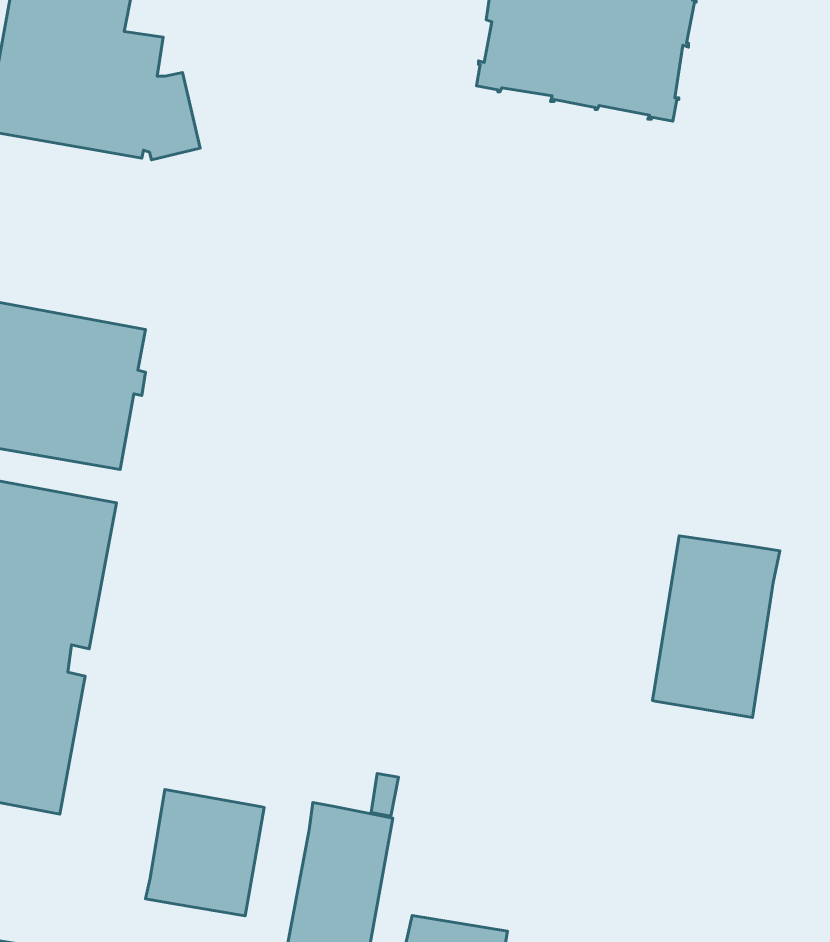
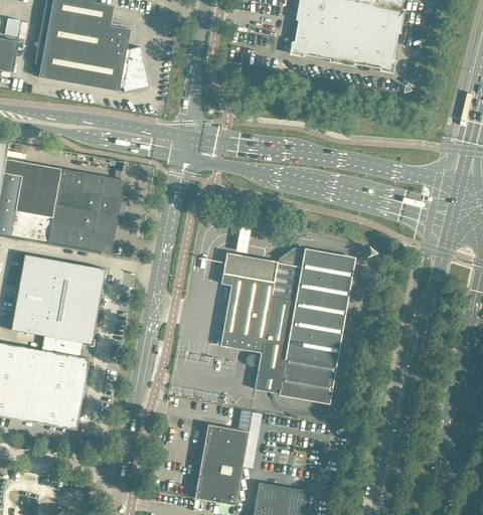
building: none -> [221,247,353,400]
building: [653,536,780,718] -> none
building: [145,789,264,916] -> none

